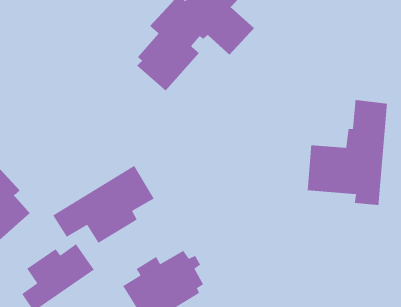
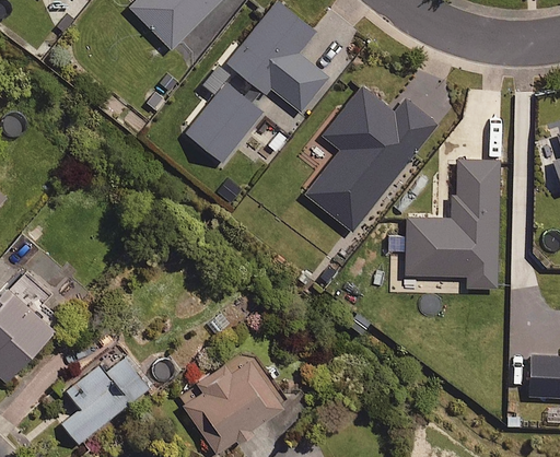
building: none -> [305,87,436,232]
building: [52,165,155,244] -> none

